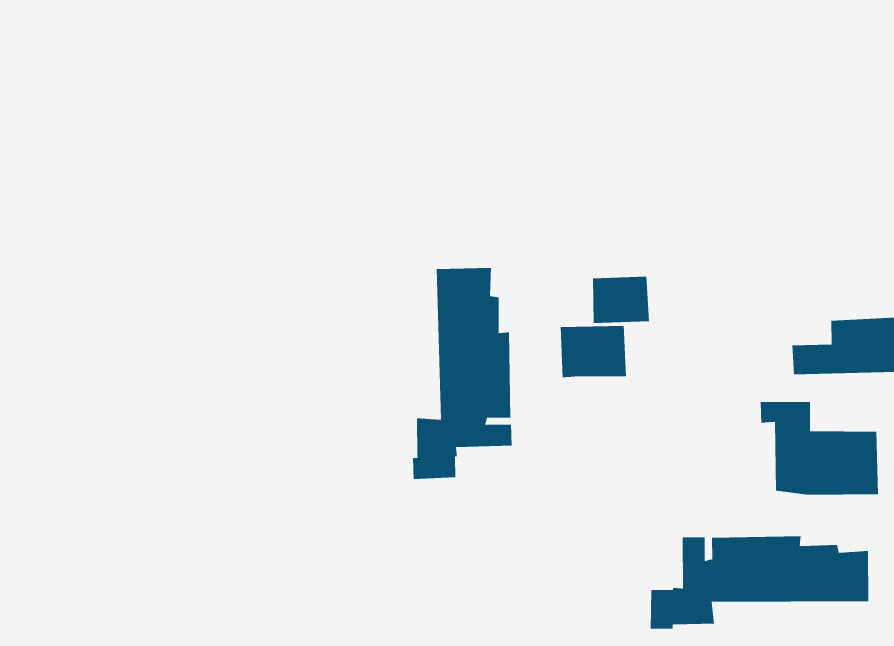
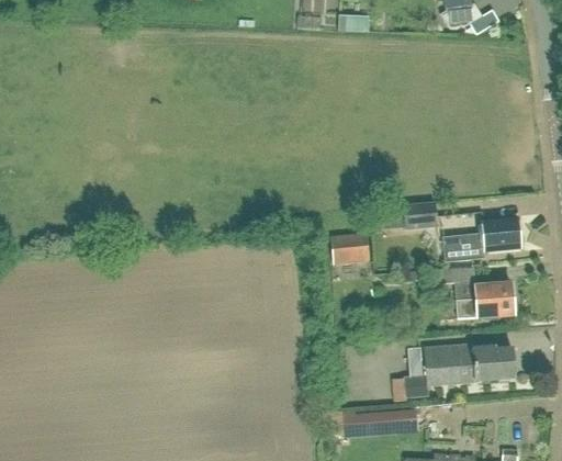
building: [413,267,512,480] -> none
building: [592,276,650,323] -> [404,201,438,229]

